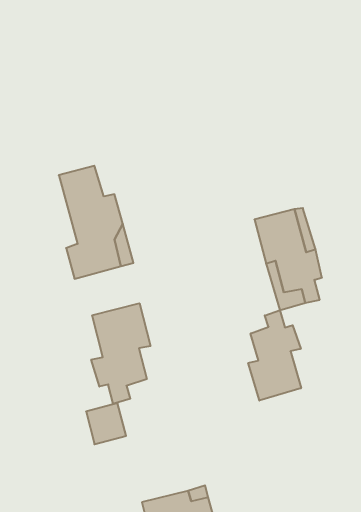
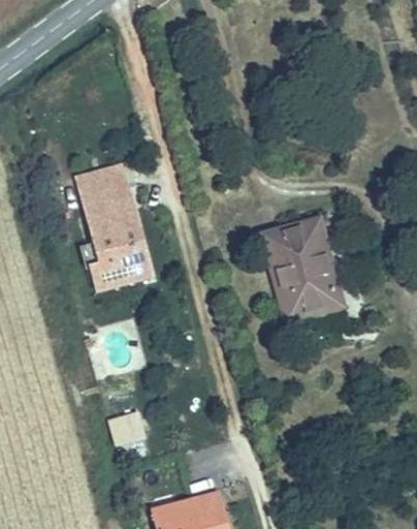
building: [91,303,150,404] -> none
building: [248,310,301,401] -> none

